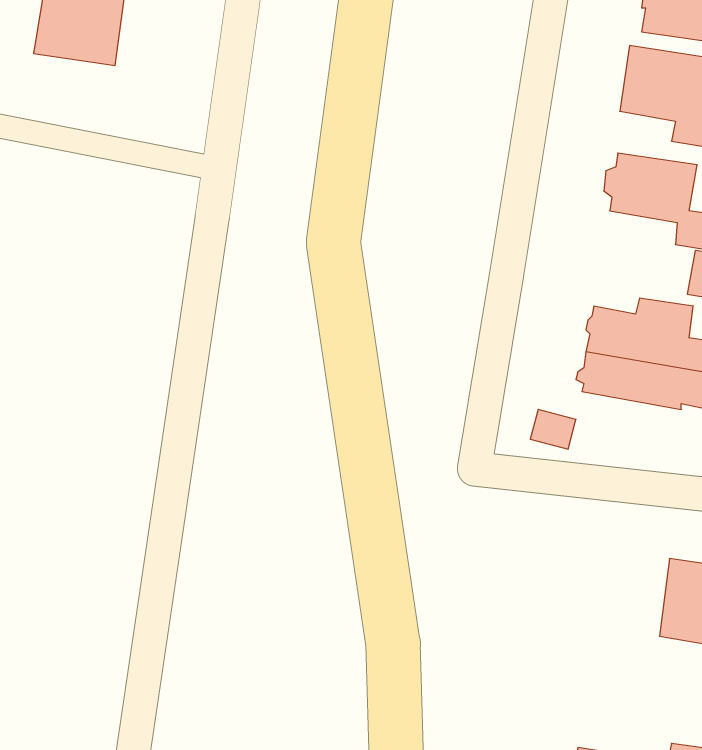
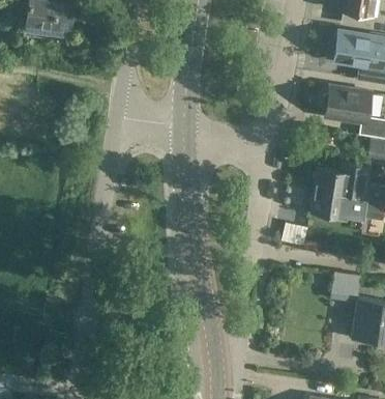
building: none -> [333,268,362,297]

